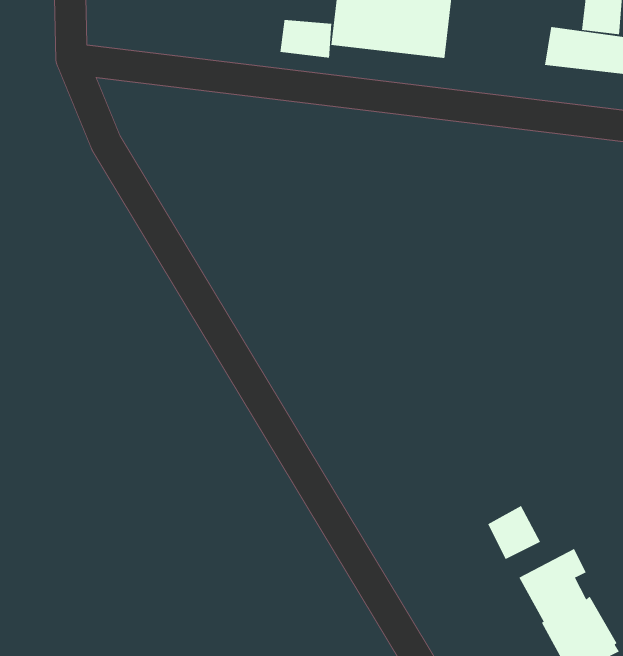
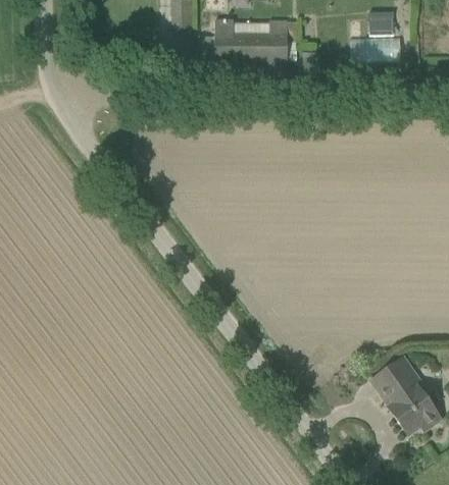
building: [280,19,332,58] -> none
building: [488,505,541,560] -> none

